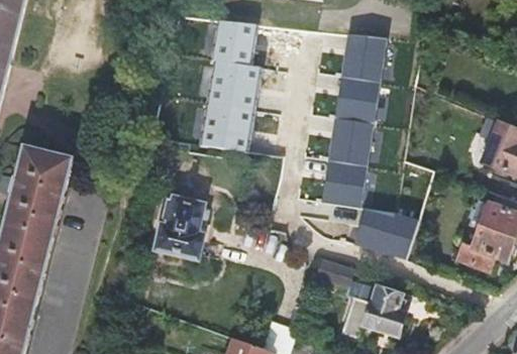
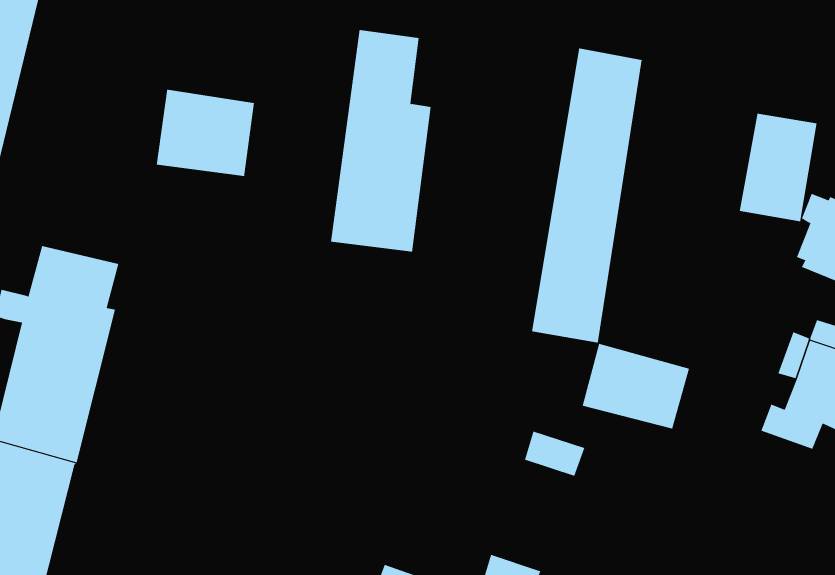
building: none -> [156,89,254,177]
building: none -> [739,113,817,222]
building: [157,200,205,257] -> none
building: [340,287,407,338] -> none

